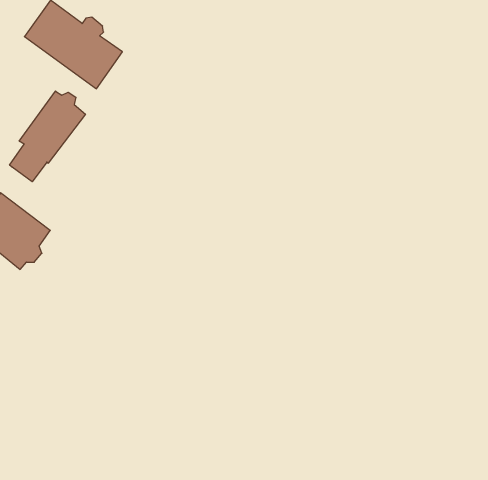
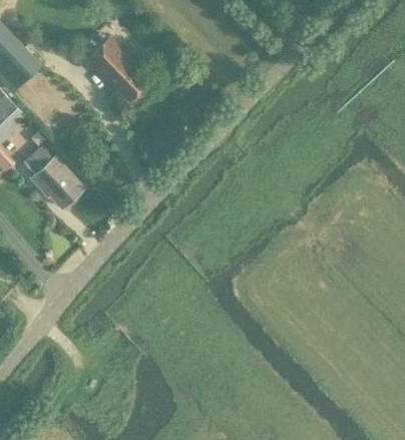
building: [10,91,85,182] -> none

